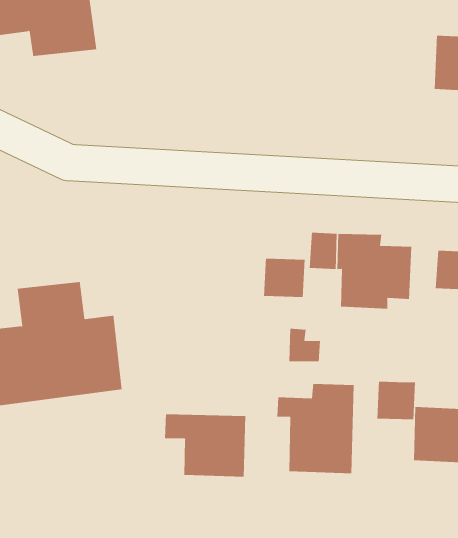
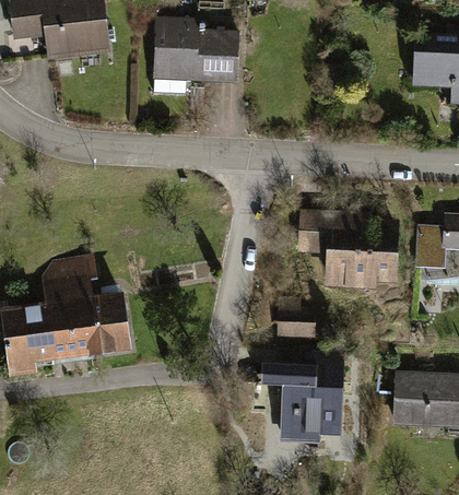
building: none -> [154,20,238,95]
building: [263,258,305,298] -> none
building: [377,381,416,420] -> none
building: [164,413,246,477] -> none

